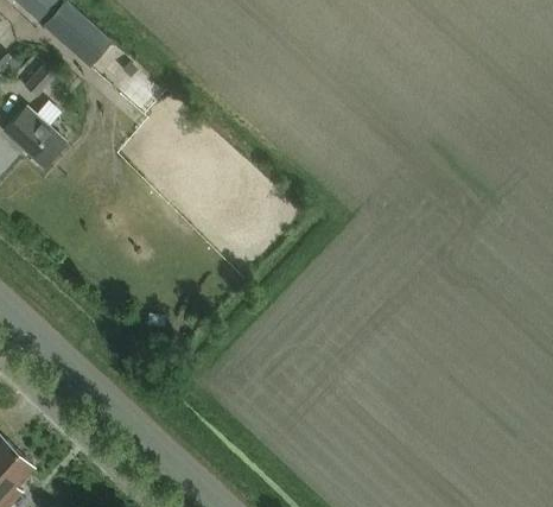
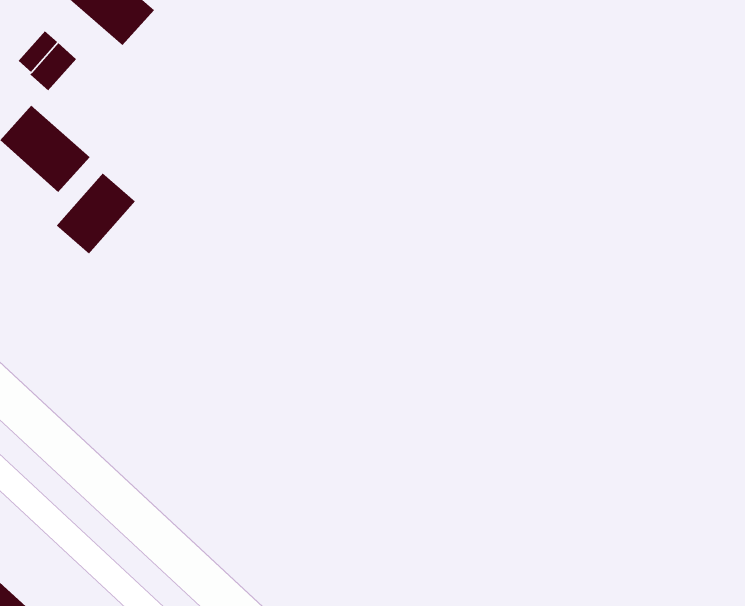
building: none -> [56,173,136,254]

